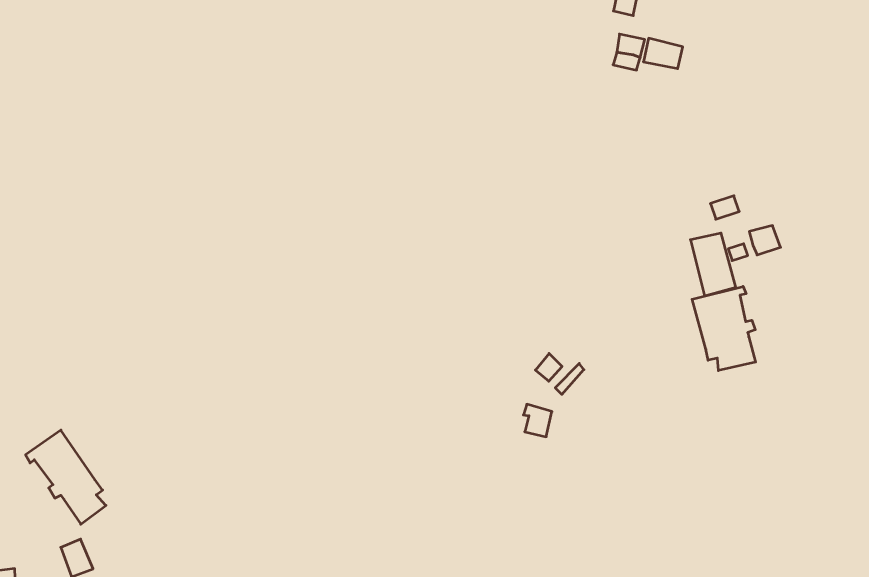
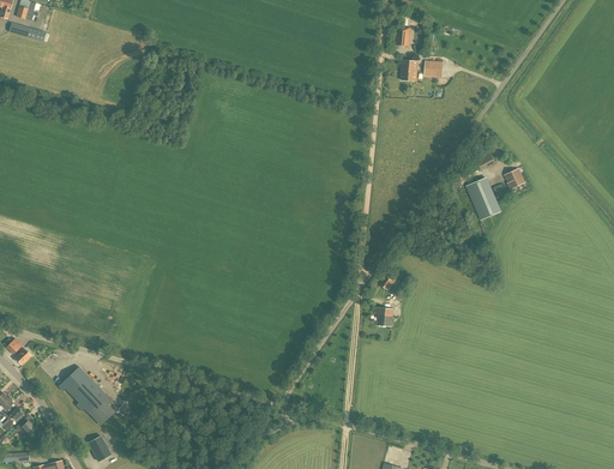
building: [692,286,756,371] -> none

